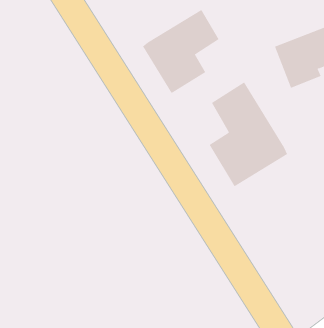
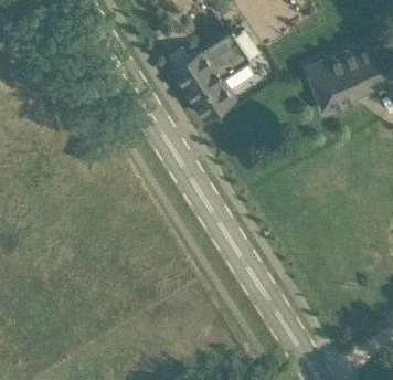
building: [209,82,288,187] -> none

